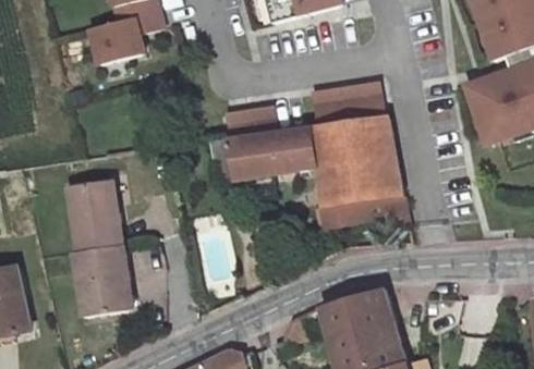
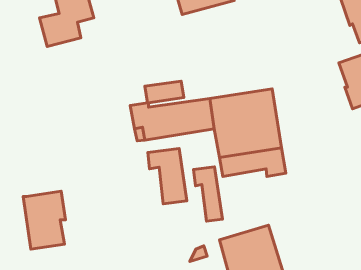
building: [315,83,384,122] -> none
building: [68,181,122,251] -> none
building: none -> [148,148,187,204]
building: none -> [193,167,223,221]

